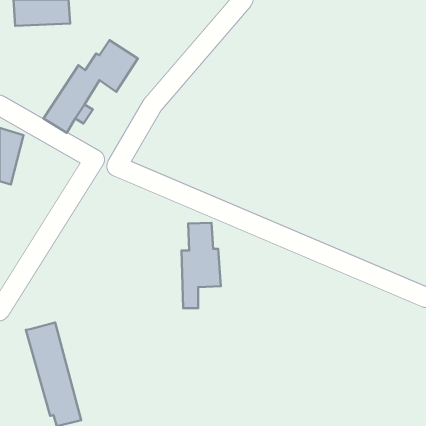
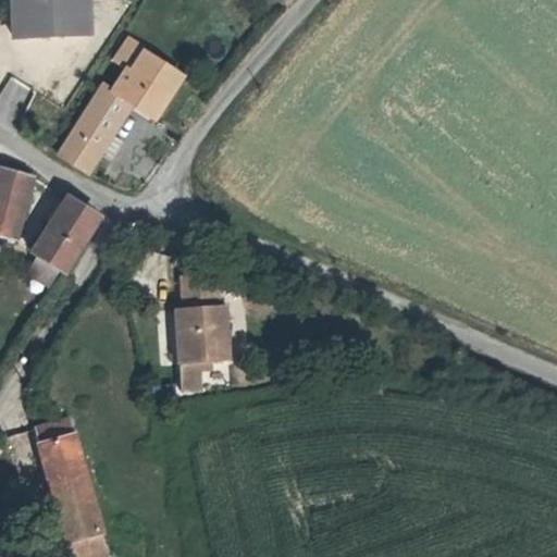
building: none -> [30,198,98,273]
building: [182,223,221,308] -> [177,276,228,387]

